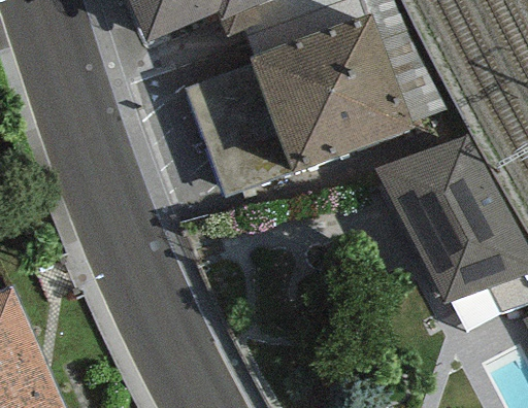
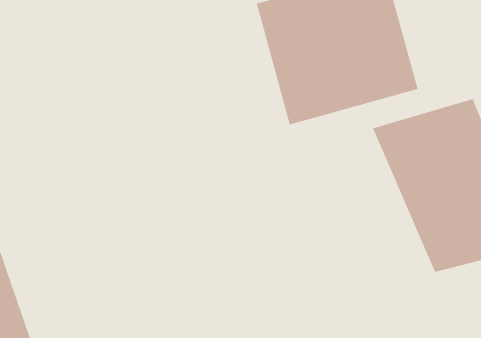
building: [186,64,292,198] -> none

